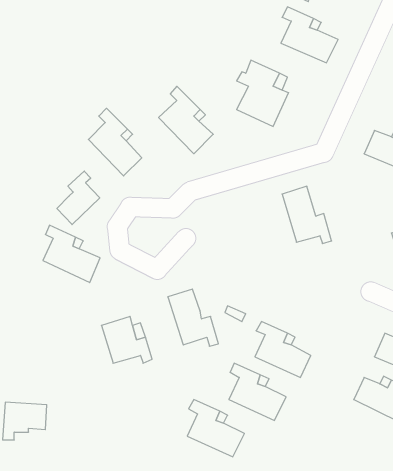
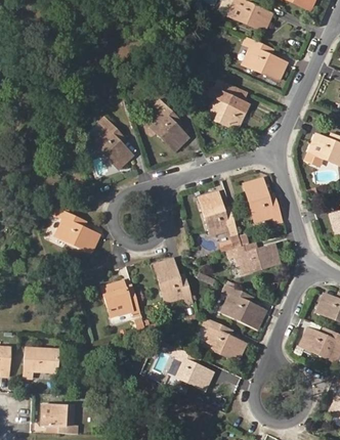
building: [57,171,100,225] -> none
building: none -> [198,192,240,244]
building: none -> [226,244,279,274]

